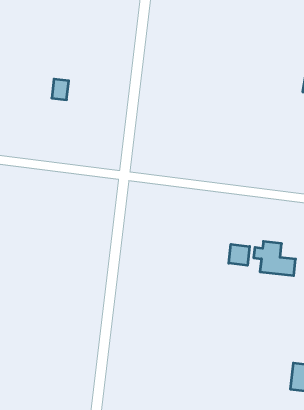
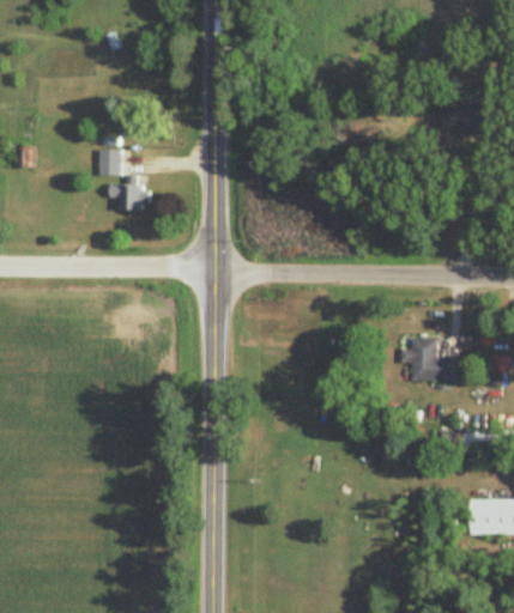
building: none -> [108,182,140,207]
building: [229,244,250,265] -> none

